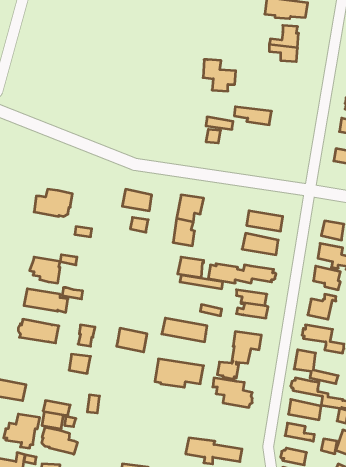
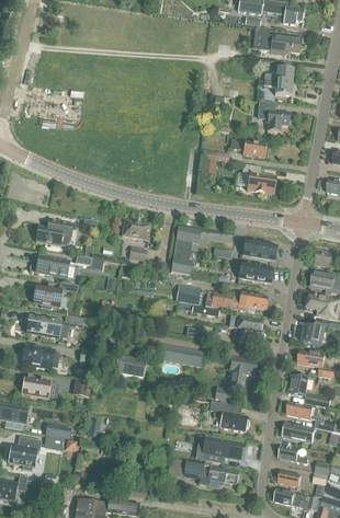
building: [203,60,236,91] -> [257,101,288,131]
building: none -> [241,163,275,193]
building: none -> [35,255,68,277]
building: none -> [21,376,49,398]
building: [155,359,204,387] -> [194,436,241,463]
building: [42,427,77,454] -> none

